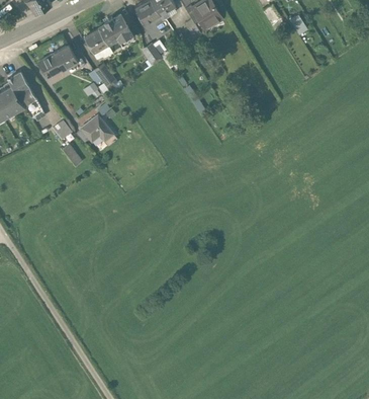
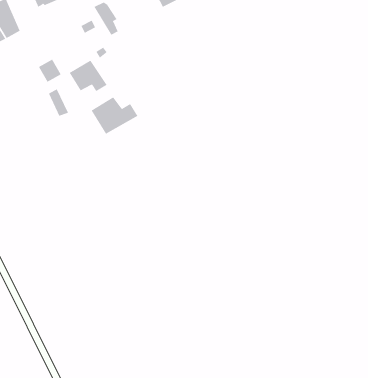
building: none -> [91,96,138,134]

